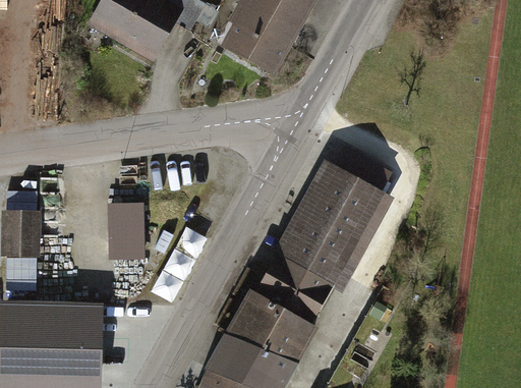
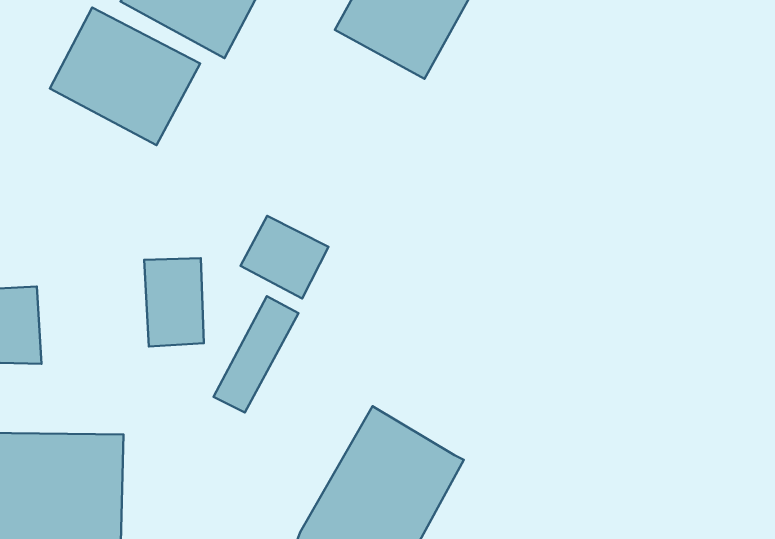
building: none -> [50,8,200,145]
building: [252,151,392,324] -> none
building: none -> [241,216,329,299]

